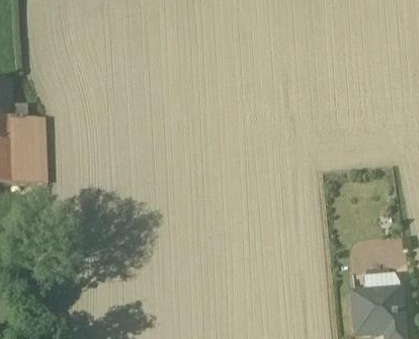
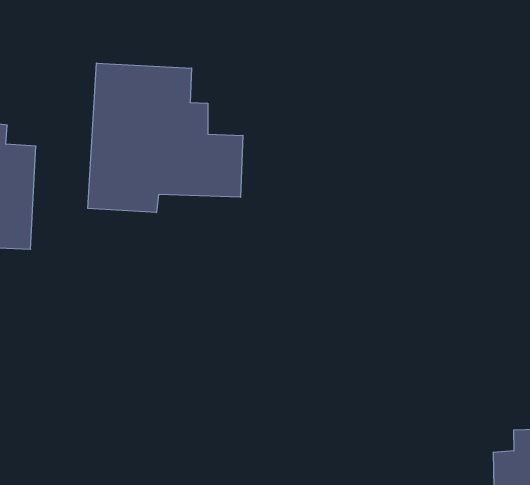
building: none -> [88,63,243,213]

